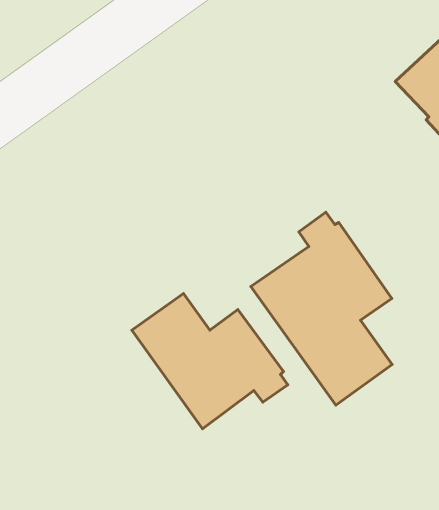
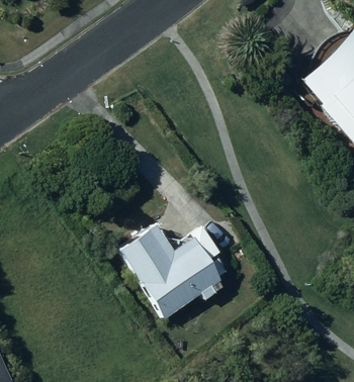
building: [251,212,392,405] -> none

